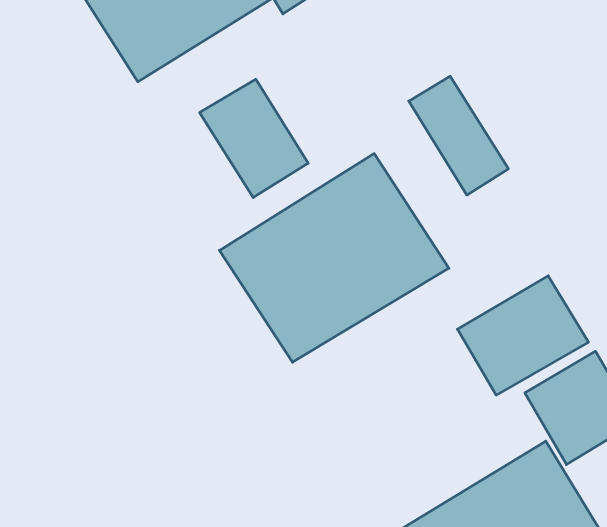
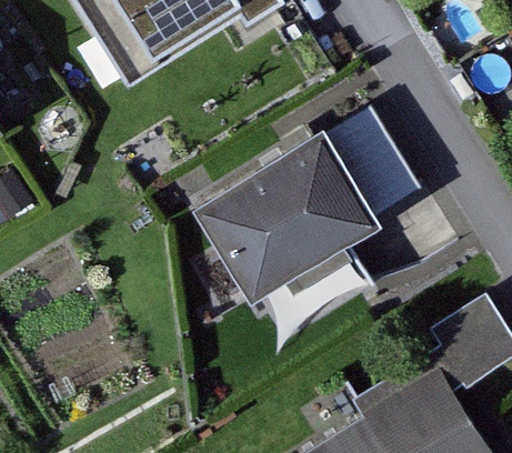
building: [200,79,308,198] -> none
building: [457,276,588,395] -> none

